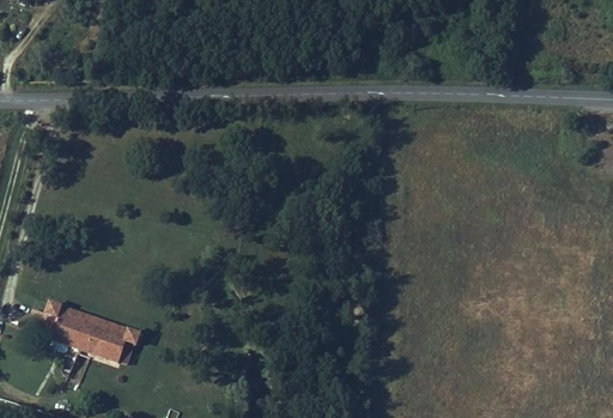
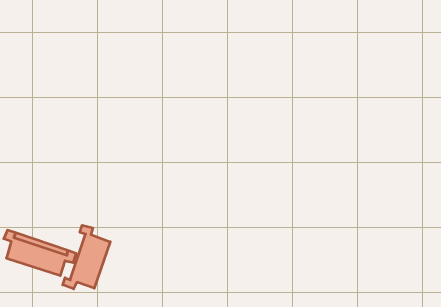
building: none -> [63,225,110,289]

